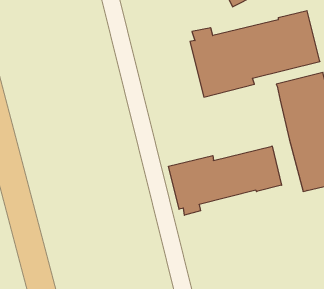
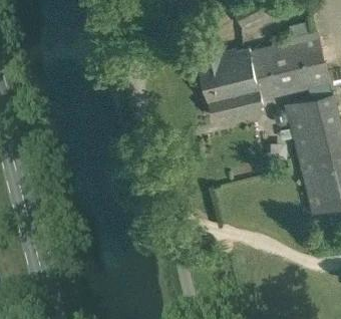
building: [169,146,282,215] -> none

